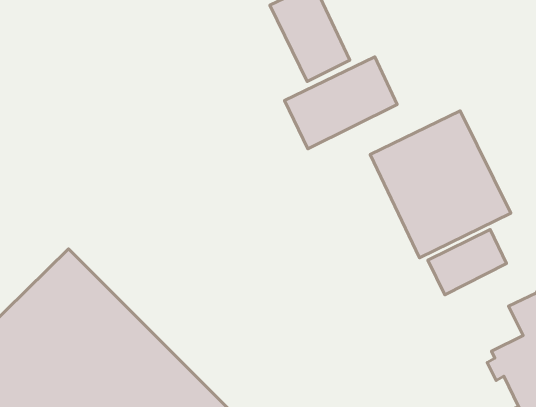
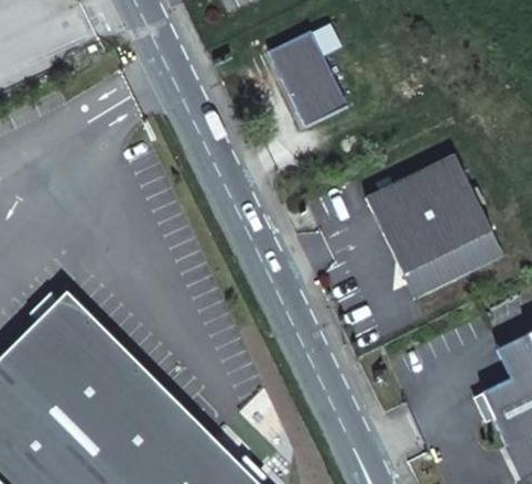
building: [285,57,397,149] -> none
building: [428,229,507,295] -> none

